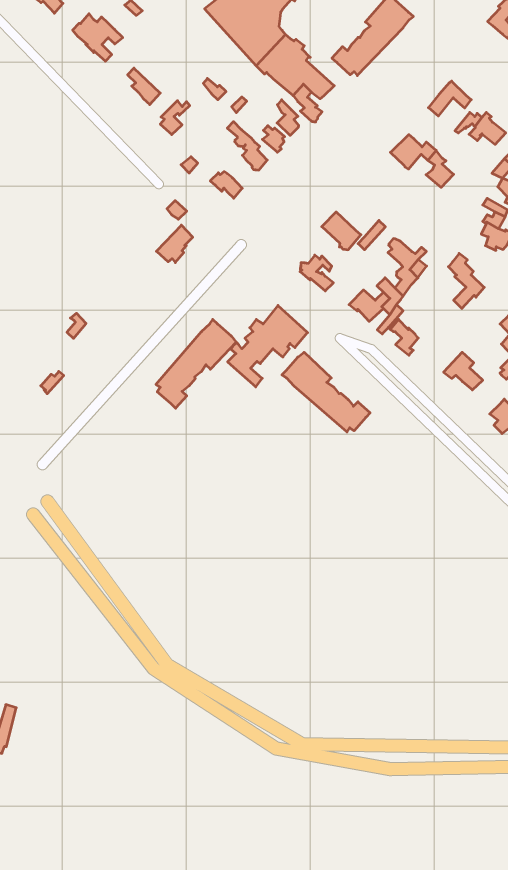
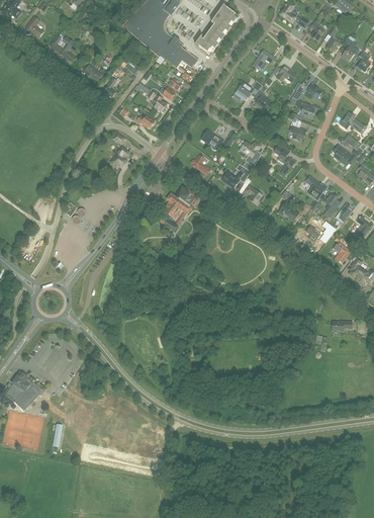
building: [156,319,236,408] -> none
building: [282,352,370,432] -> none

